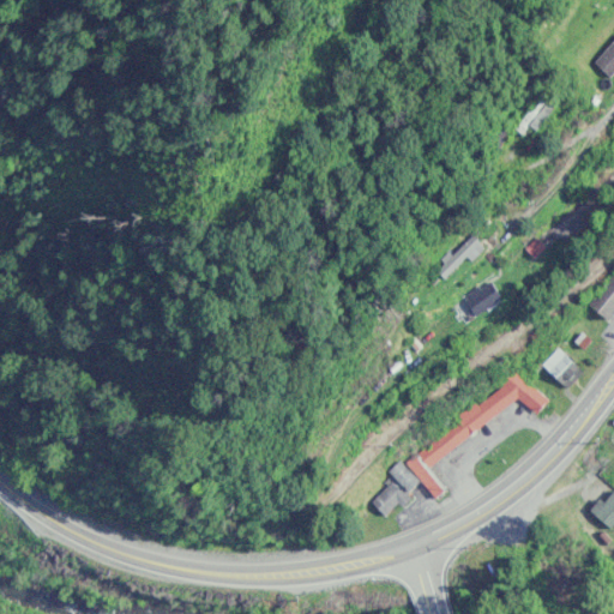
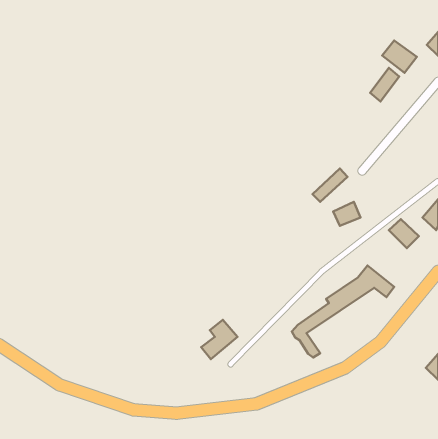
building: none -> [382,41,417,73]
building: [542,349,584,390] -> [389,219,419,248]
building: [372,463,422,518] -> [201,320,237,359]

